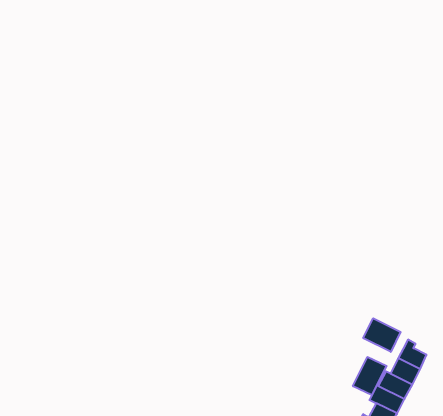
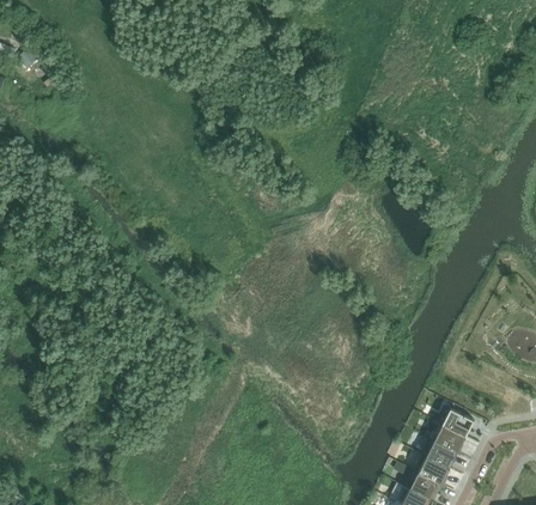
building: [363,318,401,352] -> none
building: [353,357,387,395] -> none

